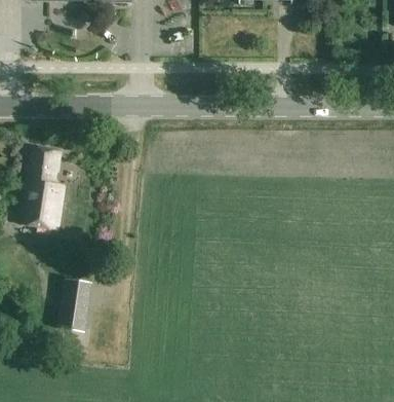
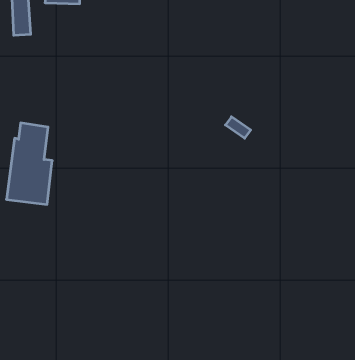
building: [57,277,90,330] -> none

